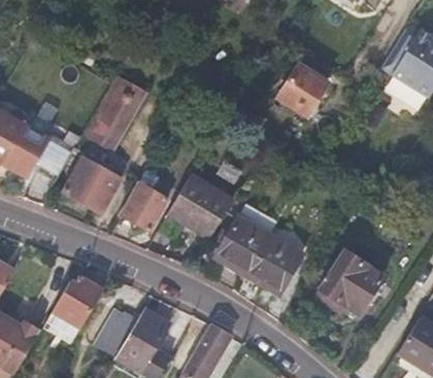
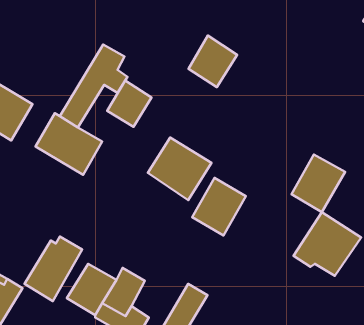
building: [277,66,327,118] -> [189,36,237,87]
building: [122,183,167,231] -> [107,80,152,127]
building: [245,235,300,294] -> [291,155,345,212]

